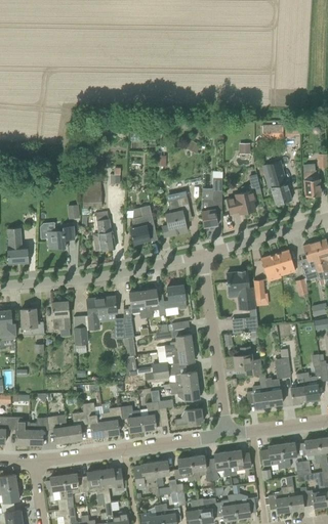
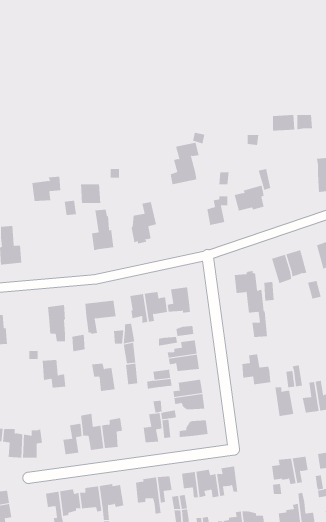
building: [262,161,291,204] -> none
building: [162,196,190,236] -> [170,142,199,185]
building: [47,225,75,249] -> [32,176,61,201]
building: [22,308,44,335] -> [42,360,66,388]
building: [247,374,269,407] -> none
building: [121,405,144,432] -> [91,363,115,392]
building: [46,416,69,442] -> none
building: [228,449,251,476] -> none

